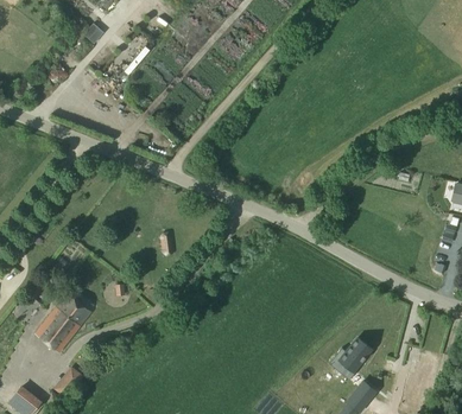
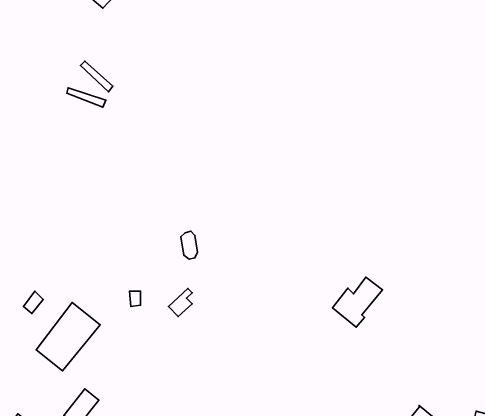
building: [328,338,371,381] -> [332,277,383,327]

